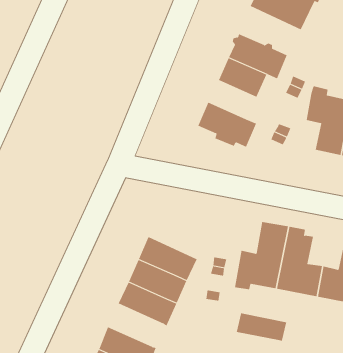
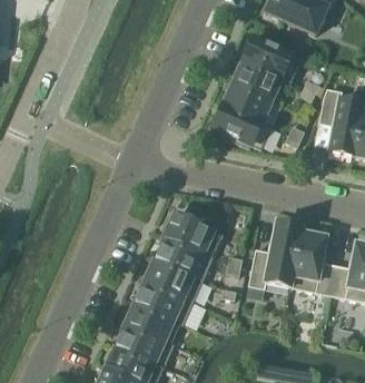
building: none -> [223,82,270,120]
building: none -> [165,212,223,257]
building: none -> [125,301,179,343]
building: [236,313,287,342] -> none

